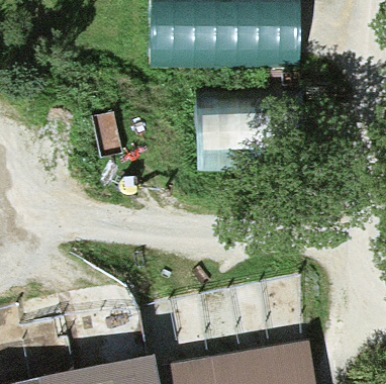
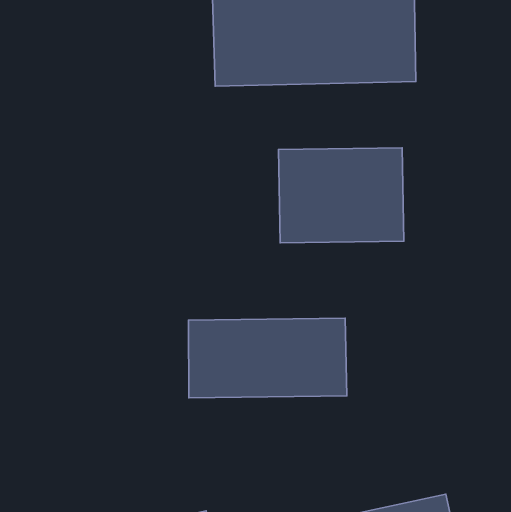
building: none -> [188,318,347,398]

